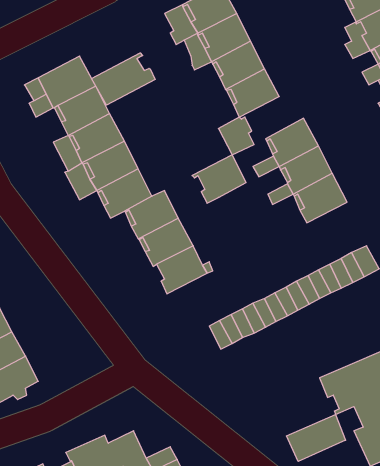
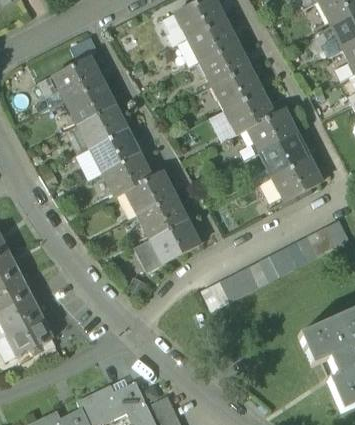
building: [92,53,155,105] -> none
building: [192,155,246,203] -> [229,90,276,132]
building: none -> [138,236,166,270]
building: [287,415,346,461] -> none

